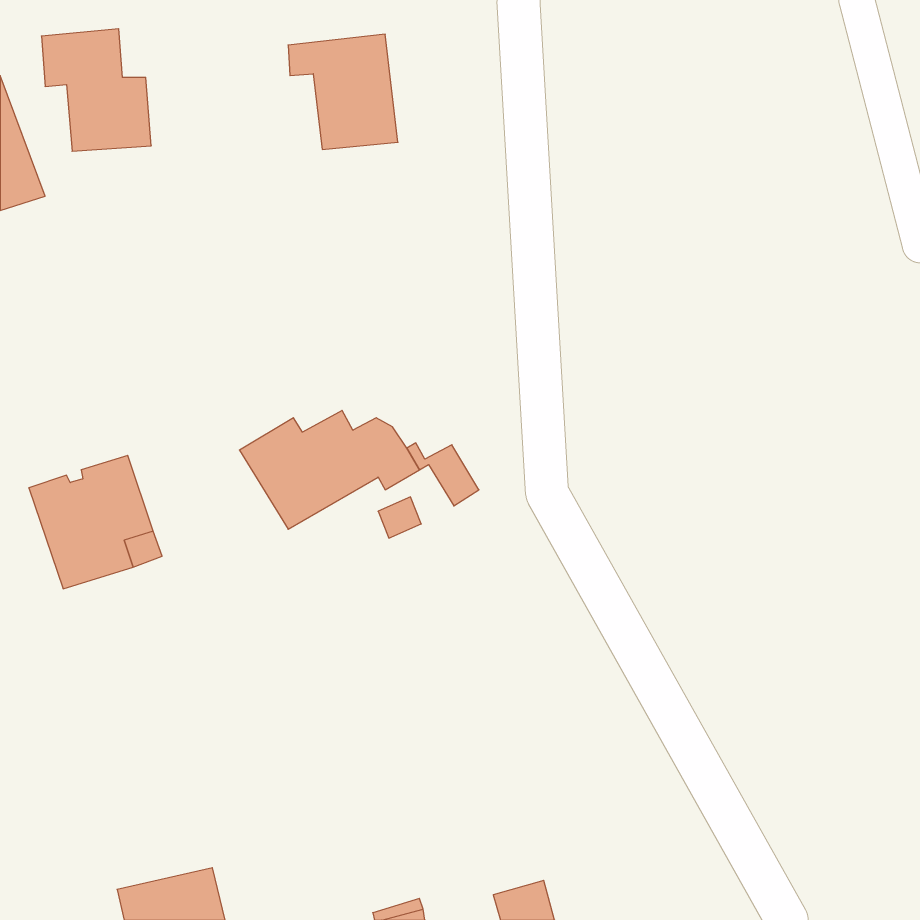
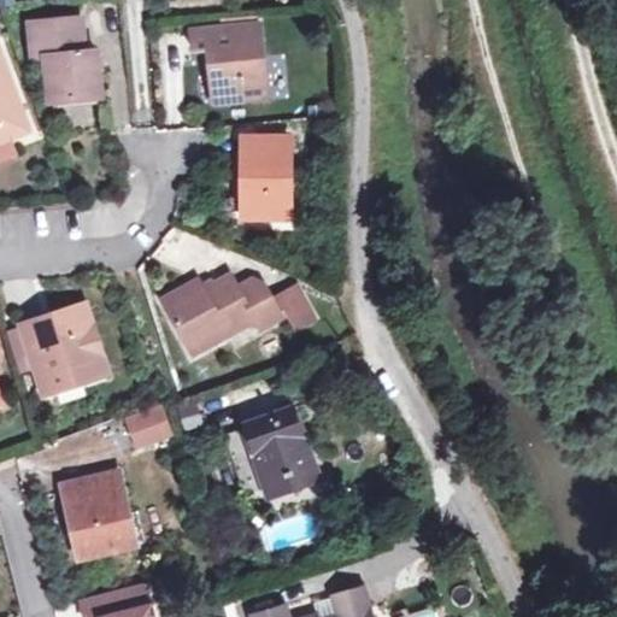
building: none -> [243,139,289,217]
building: none -> [227,405,319,499]
building: none -> [125,406,175,449]
building: none -> [64,475,134,558]

